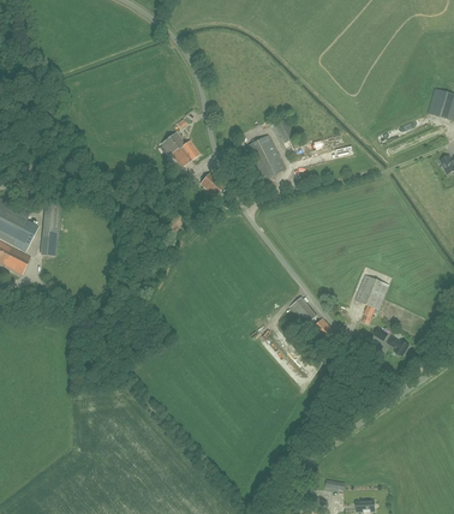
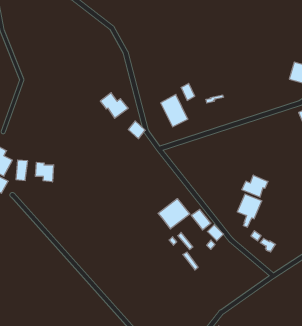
building: none -> [35,162,54,182]
building: none -> [242,175,268,197]
building: none -> [158,199,190,229]

